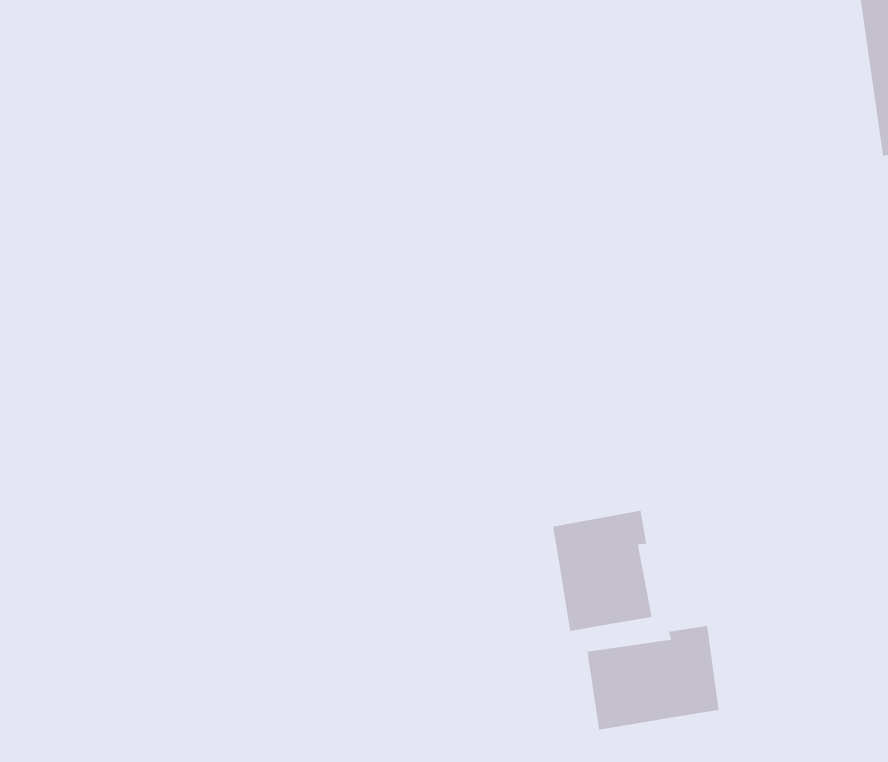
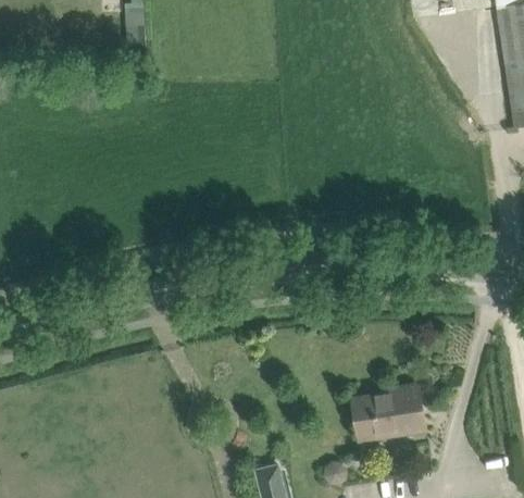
building: [552,510,652,632] -> none

